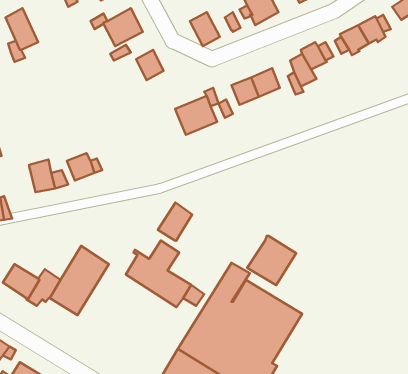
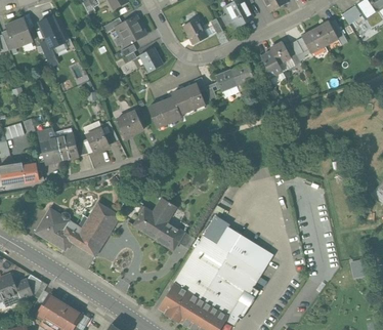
building: none -> [148,96,181,127]
building: none -> [117,110,144,136]
building: none -> [41,137,62,163]
building: [158,203,192,241] -> none
building: [247,236,296,285] -> none

